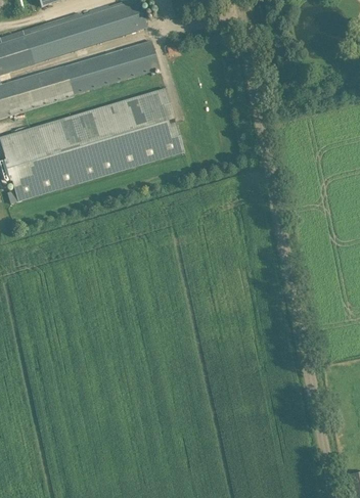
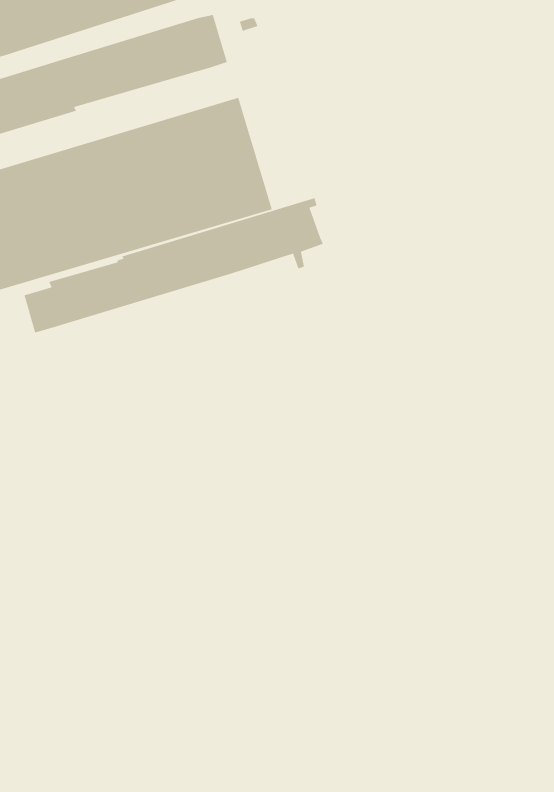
building: none -> [23,197,324,333]

